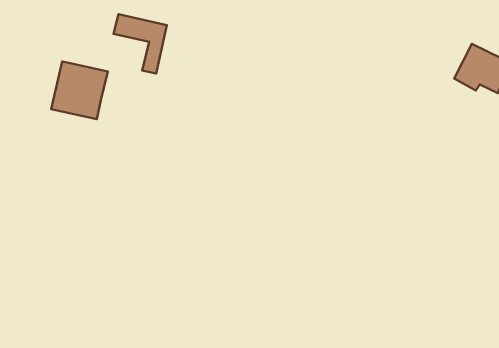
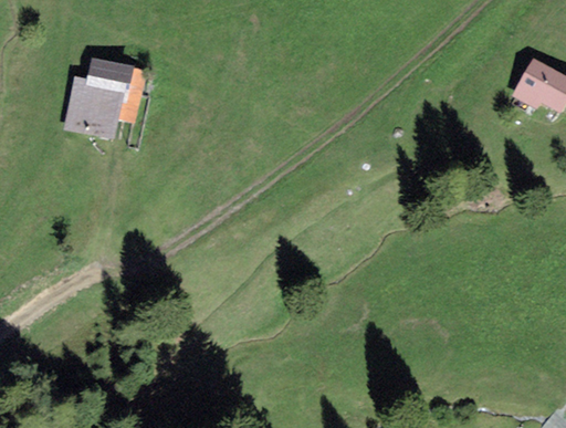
building: [113,14,167,74] -> [86,56,146,123]

